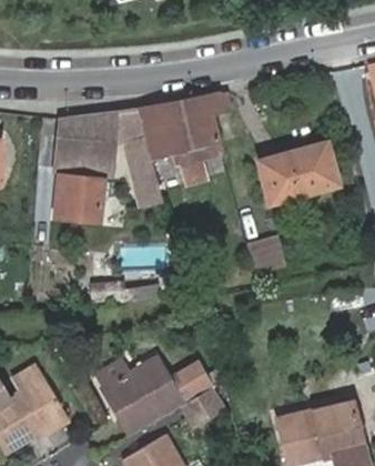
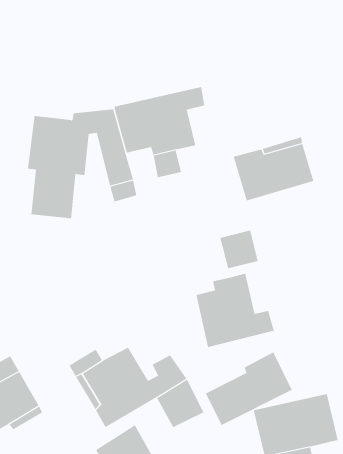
building: none -> [196,273,275,348]
building: none -> [205,352,293,426]

